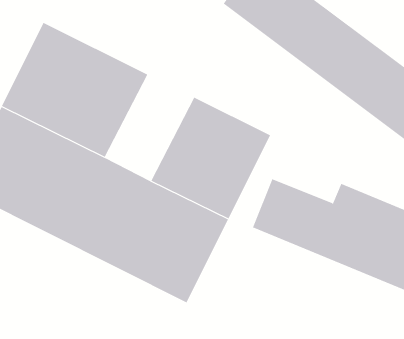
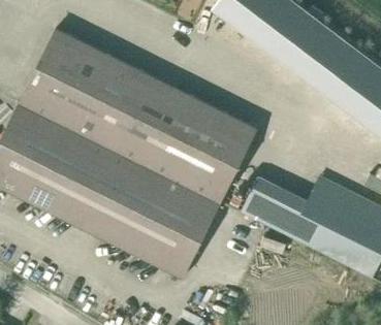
building: none -> [110,75,189,169]

